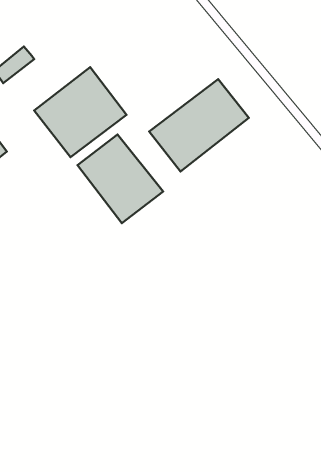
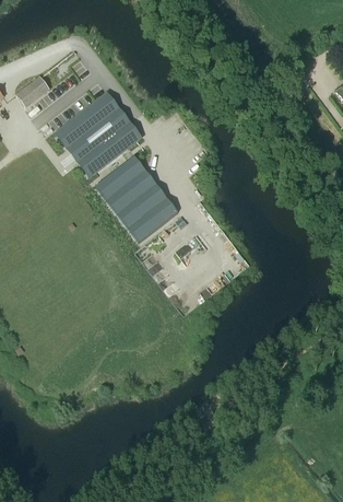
building: [149,79,249,172] -> none

